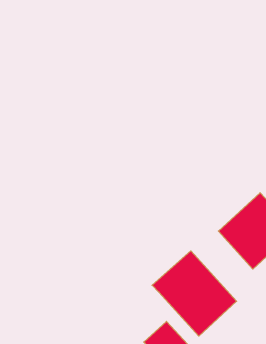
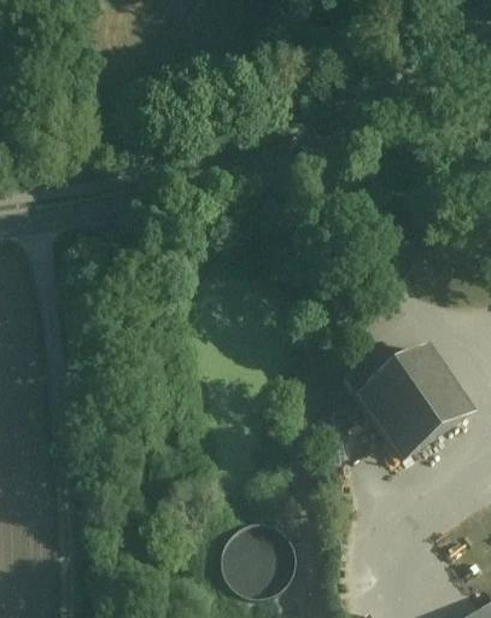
building: [152,251,237,336] -> none

